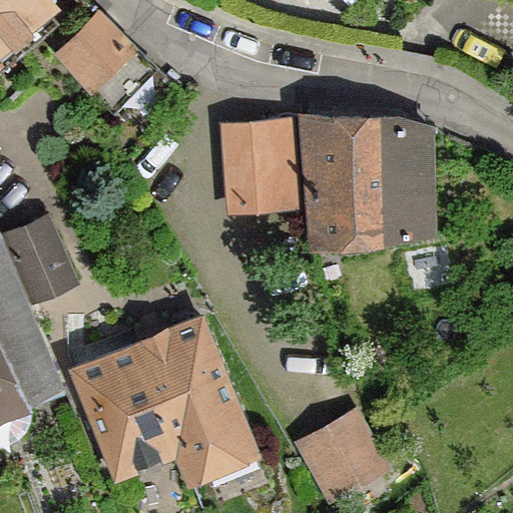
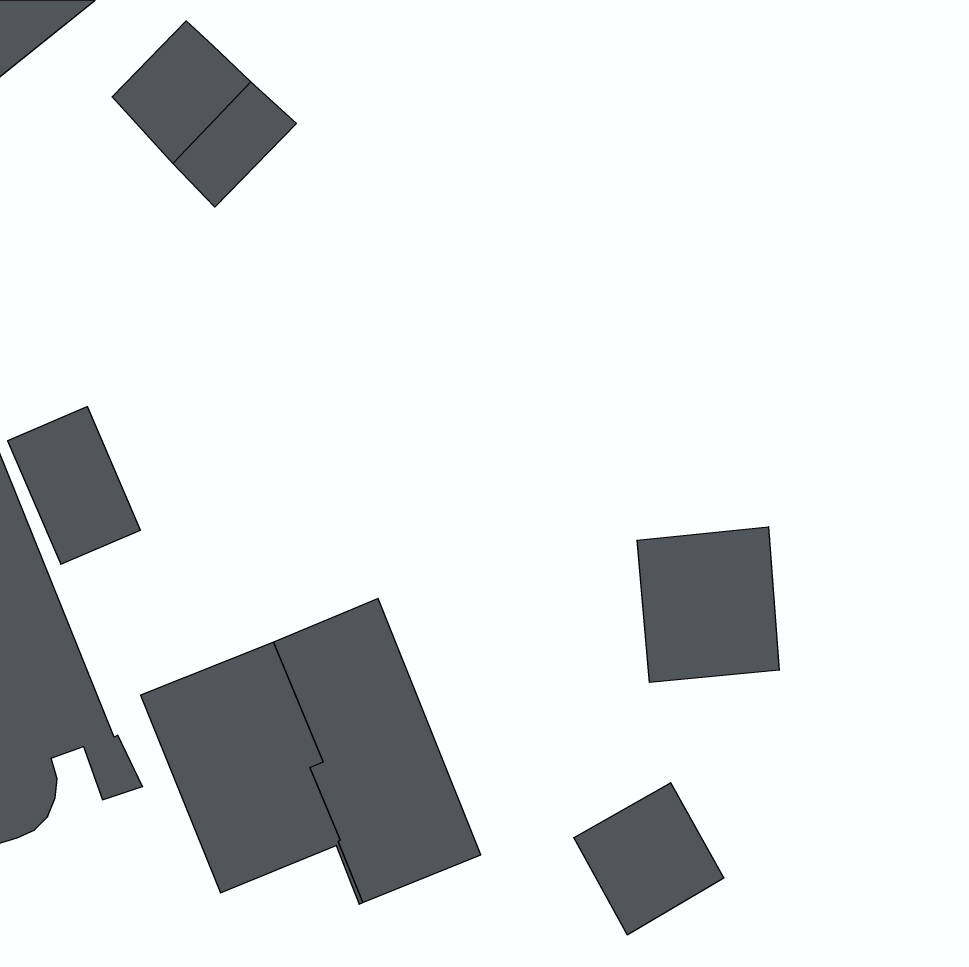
building: [305,117,431,244] -> none
building: [225,122,293,208] -> none
building: none -> [637,527,779,682]

